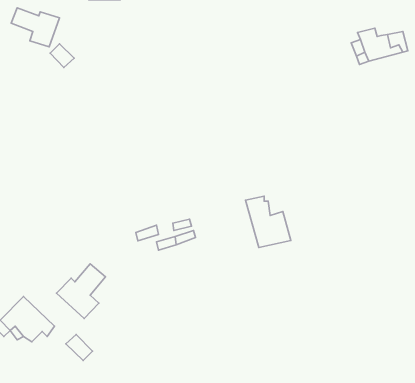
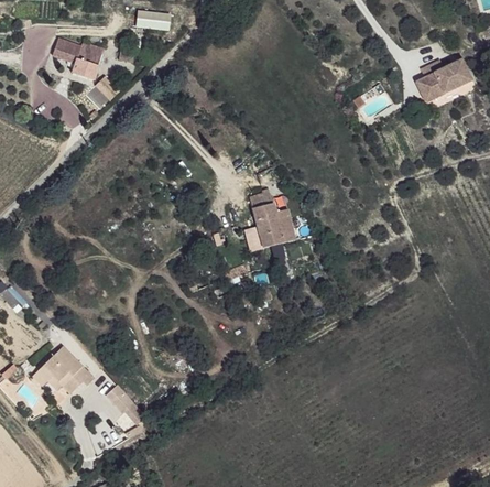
building: [246,196,291,248] -> [246,192,294,247]
building: [57,264,105,318] -> none

